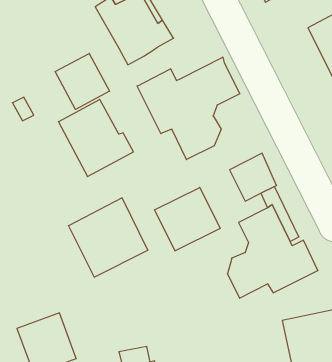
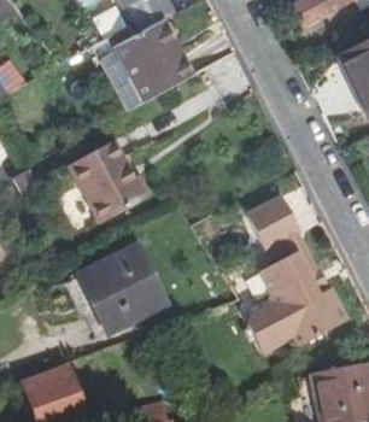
building: [55,53,110,109] -> none
building: [137,57,240,160] -> none
building: [154,187,220,251] -> none

